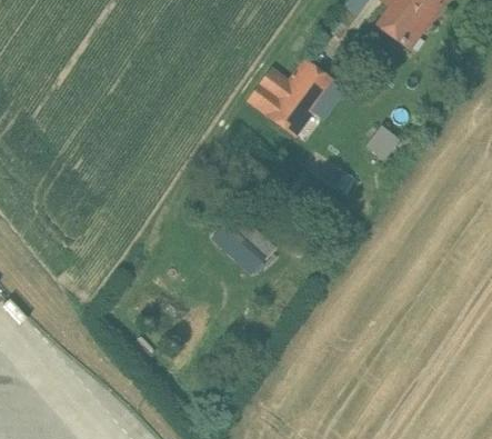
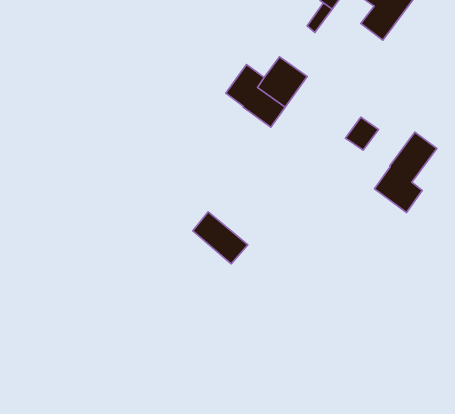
building: none -> [374,132,437,213]

